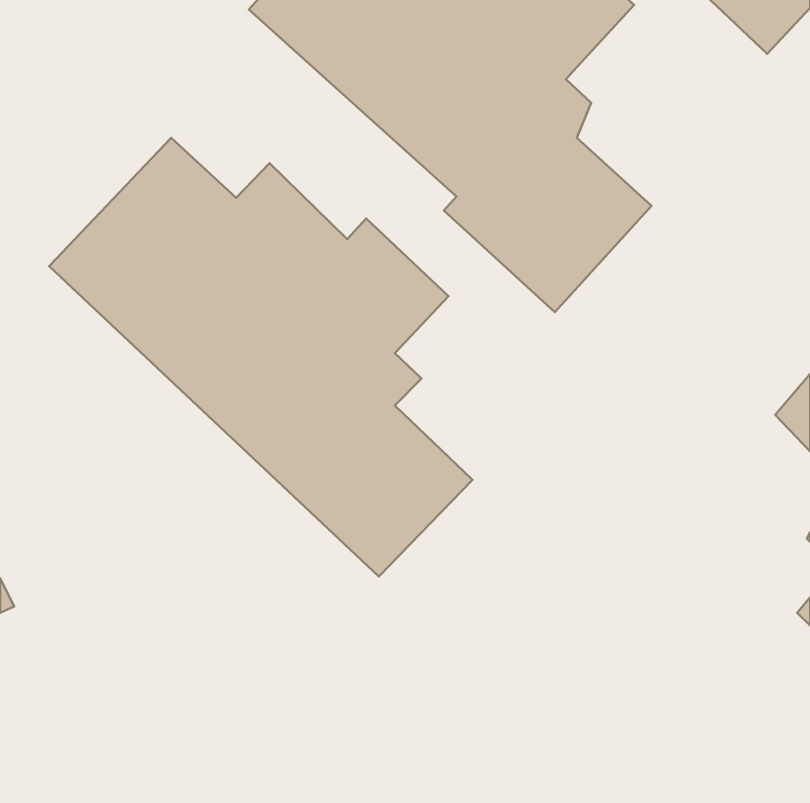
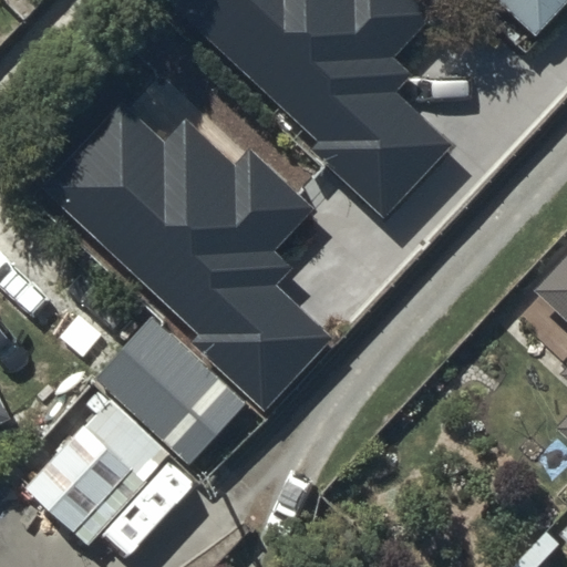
building: none -> [28,320,247,535]

